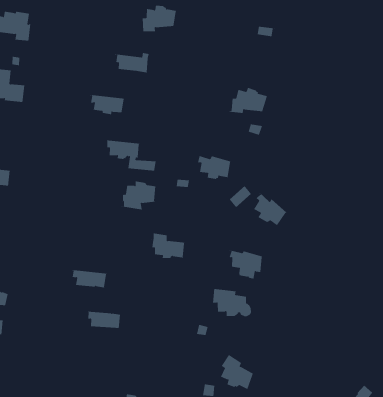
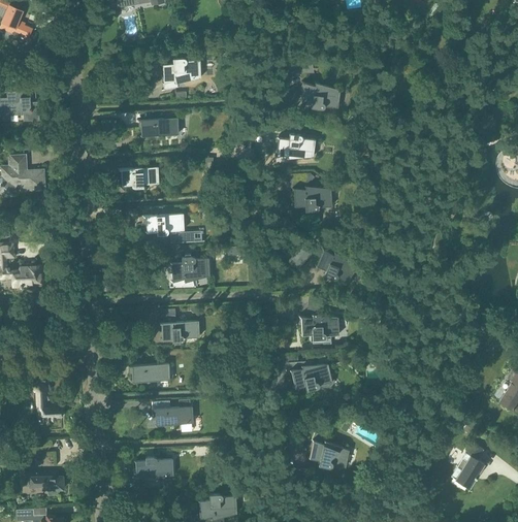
building: none -> [300,81,339,109]
building: [197,155,232,179] -> [291,186,330,211]
building: [151,233,186,259] -> [158,316,198,342]
building: none -> [132,457,172,480]

